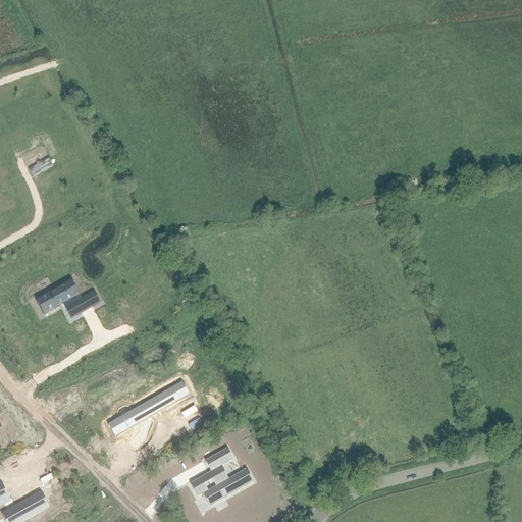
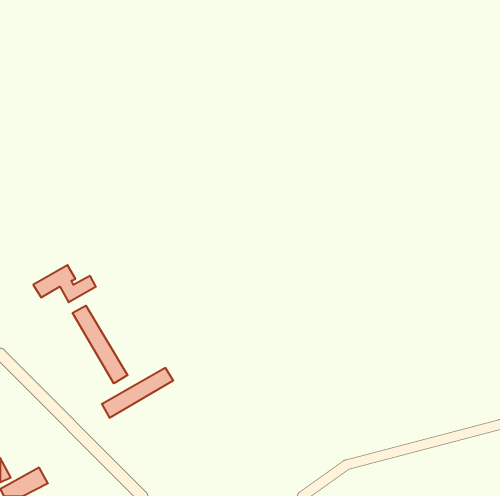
building: none -> [73,306,128,383]
building: [189,445,253,504] -> none

